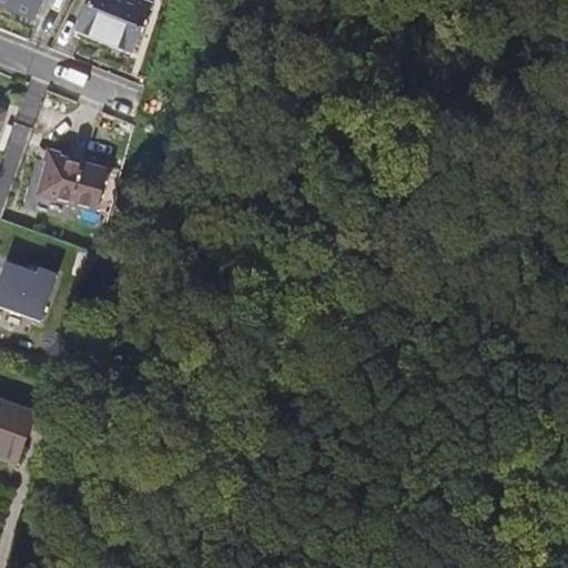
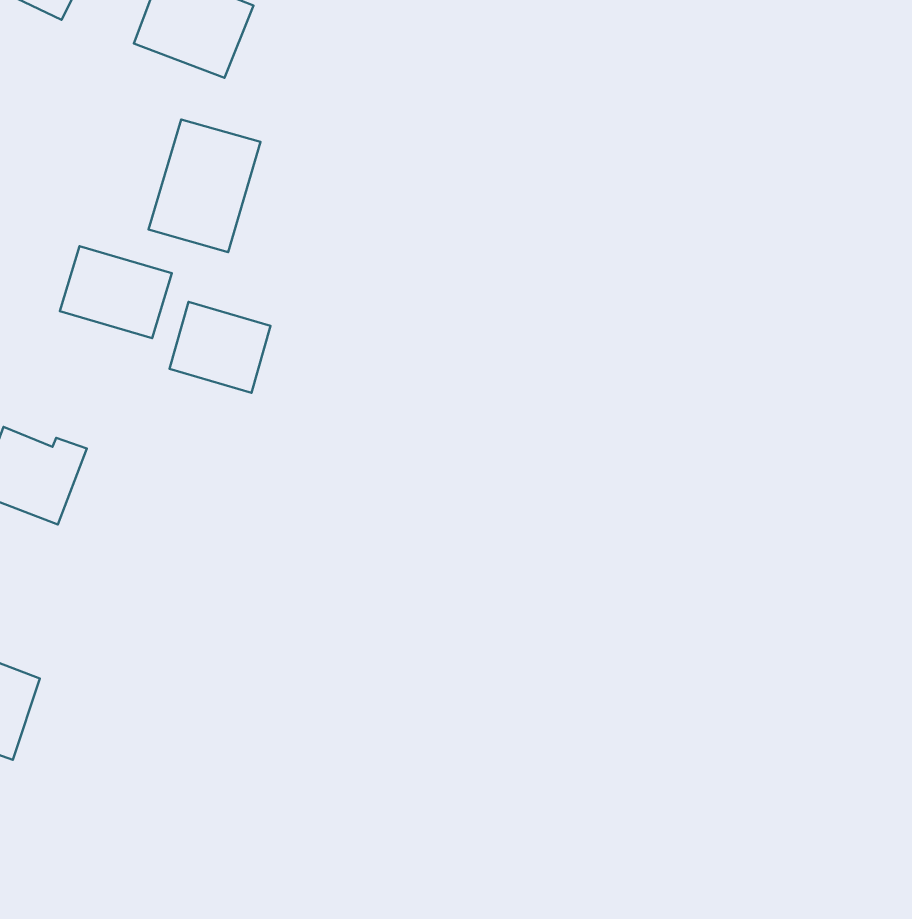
building: none -> [149,119,260,252]
building: none -> [169,302,271,393]

